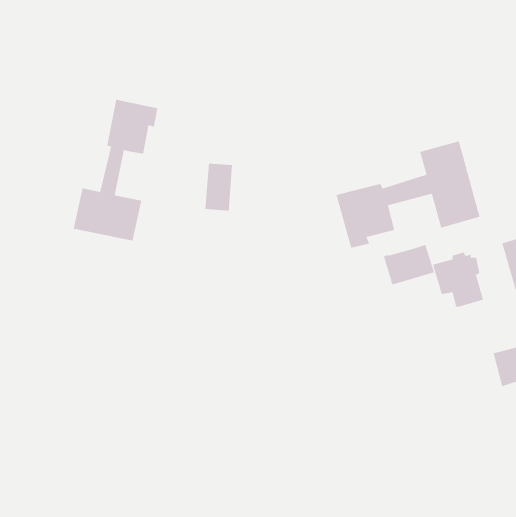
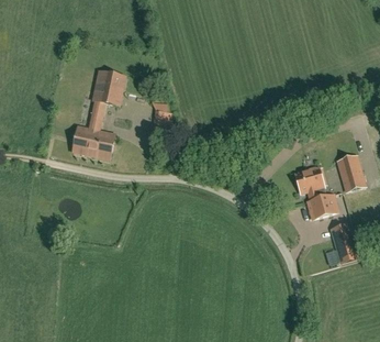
building: [336,140,480,249] -> none
building: [383,244,435,285] -> [306,192,338,218]

